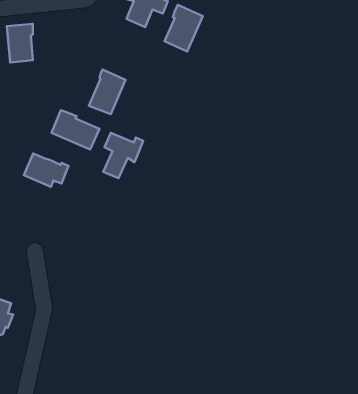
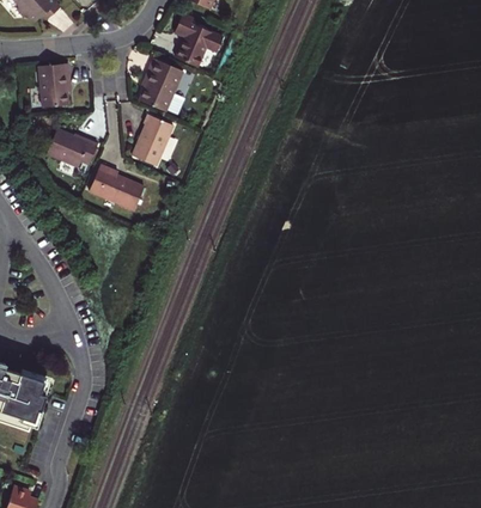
building: [164,5,203,52] -> [138,59,182,112]
building: [103,133,143,178] -> none
building: [24,154,69,187] -> [45,127,97,165]

